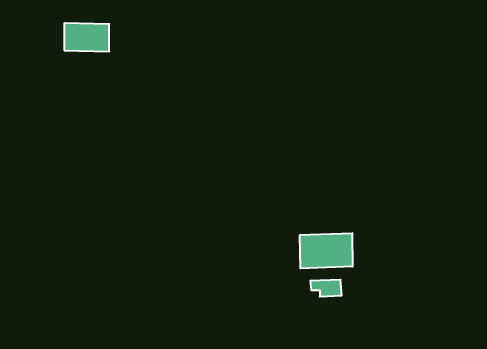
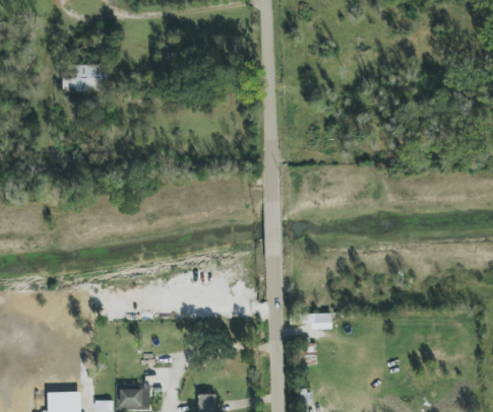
building: [300,233,353,268] -> none

